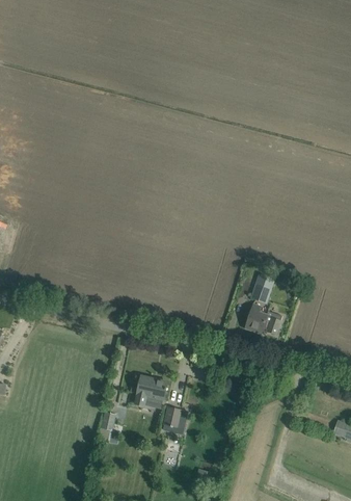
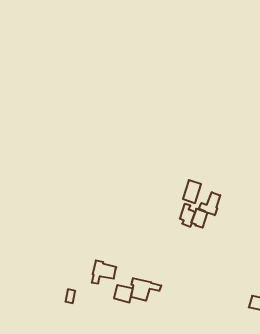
building: none -> [199,192,220,215]
building: none -> [131,278,161,301]

